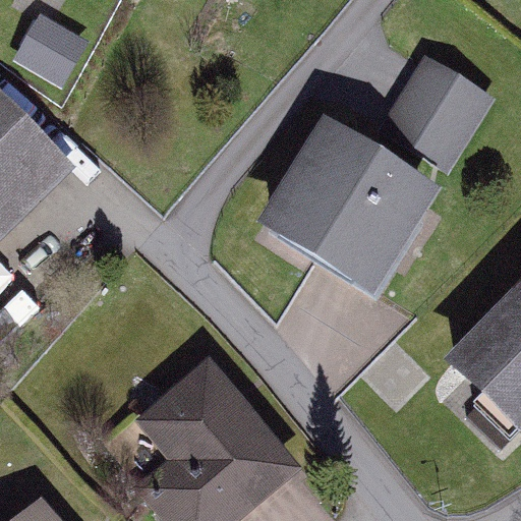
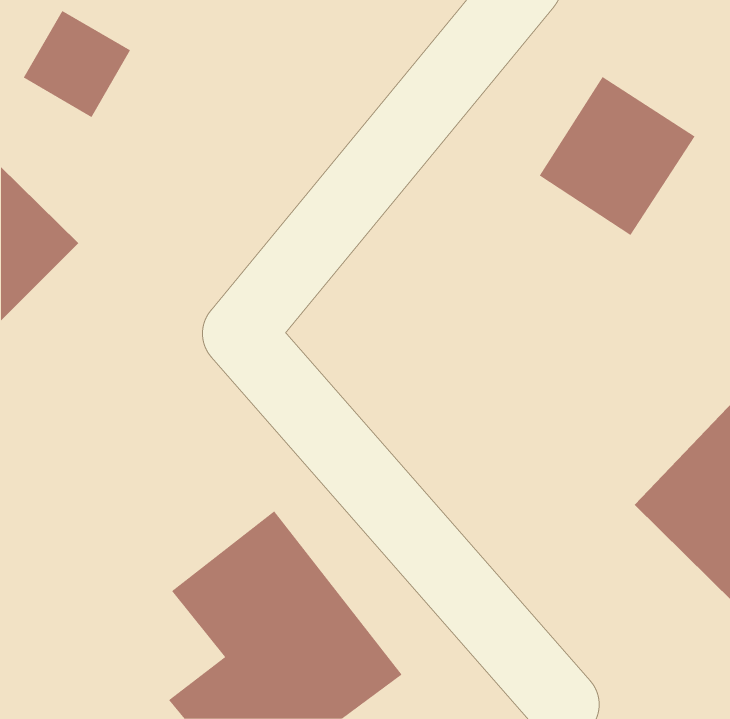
building: [258,120,442,297] -> none

